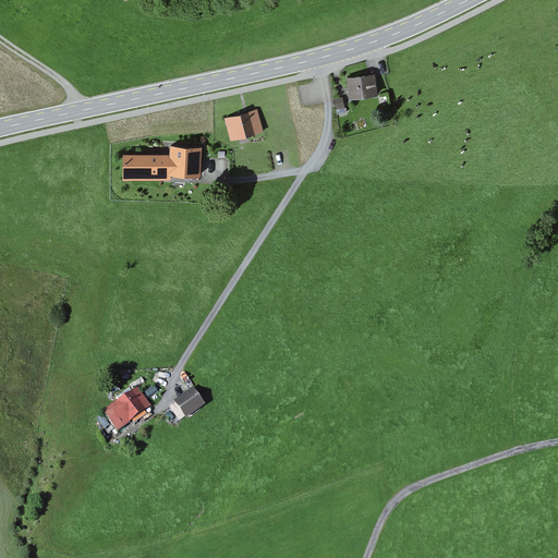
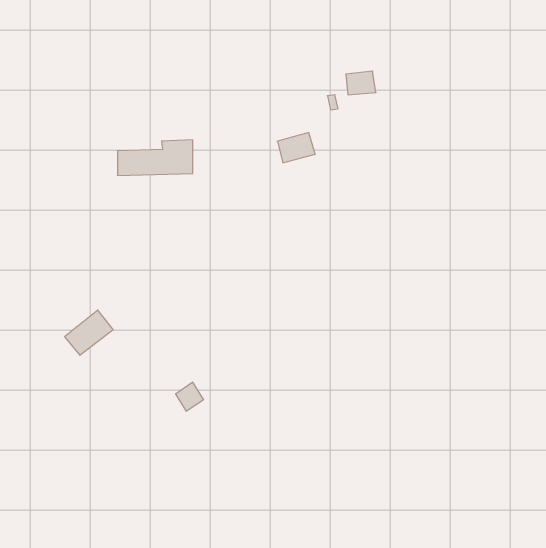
building: [223,110,262,141] -> [277,133,315,163]
building: [102,387,151,433] -> [65,310,113,355]

